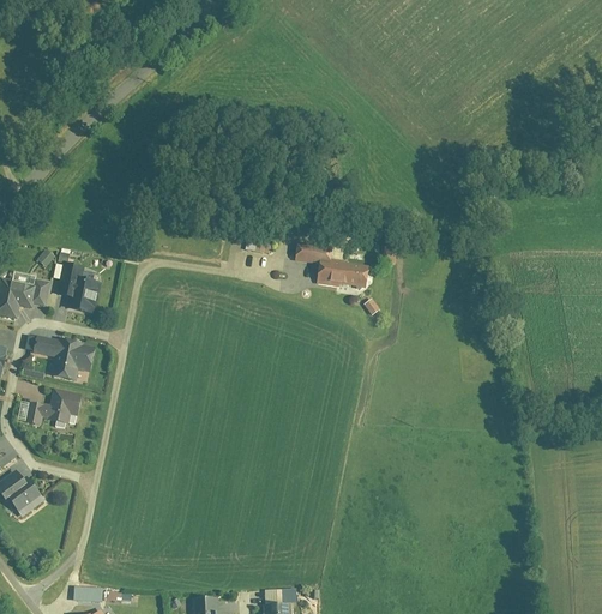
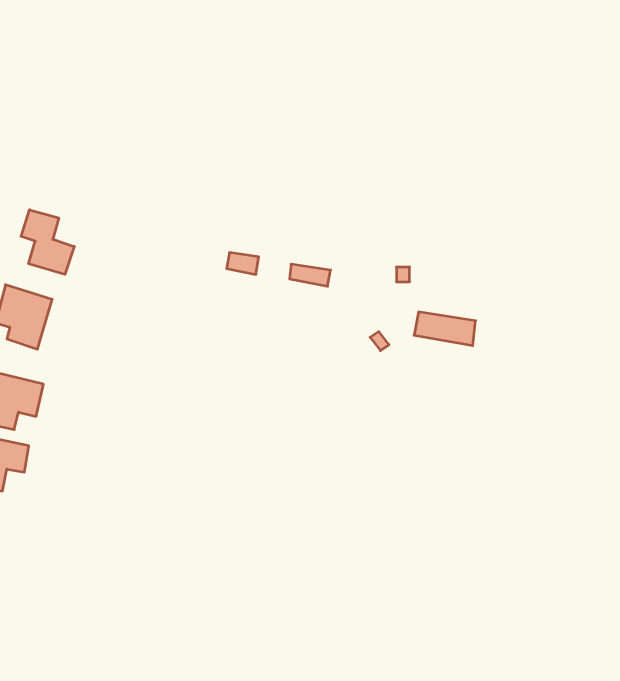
building: none -> [21,210,74,274]
building: [317,263,367,290] -> [414,312,476,346]

